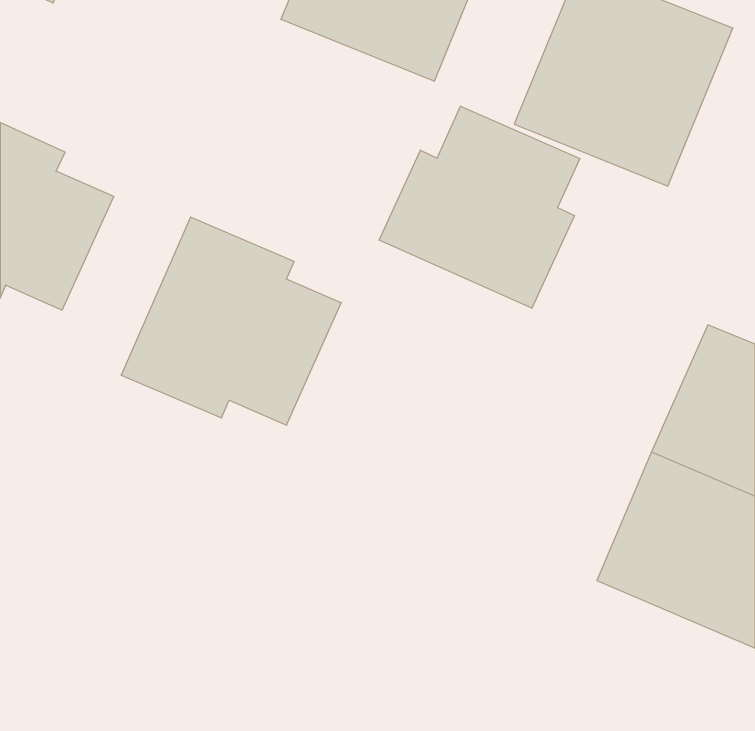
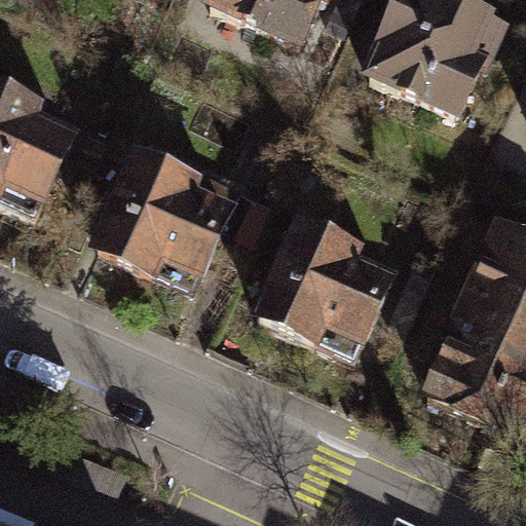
building: [379,106,580,308] -> none
building: none -> [247,224,397,362]

